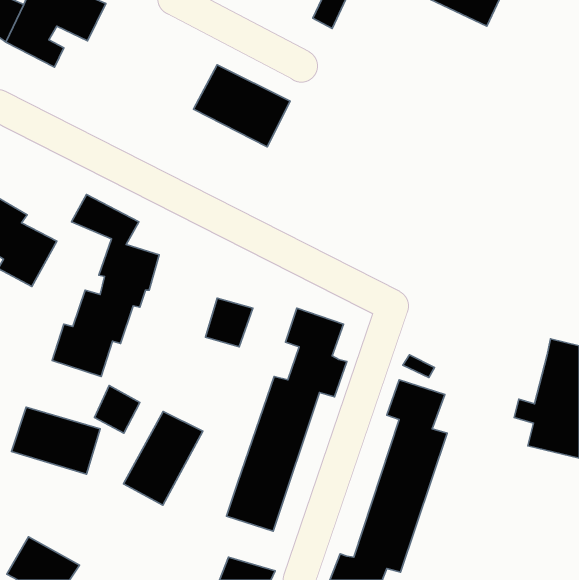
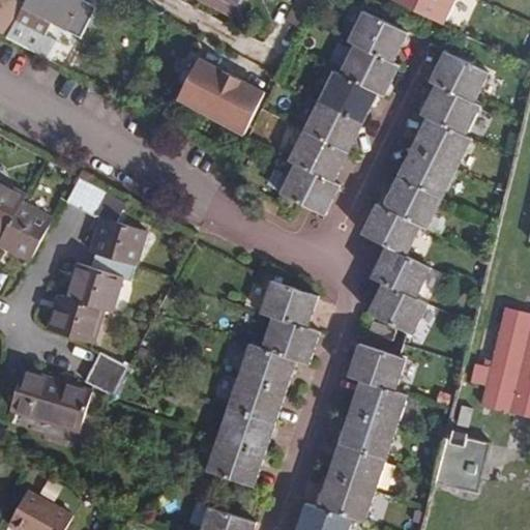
building: none -> [281,11,403,212]
building: none -> [365,55,489,334]
building: [205,298,253,347] -> none
building: [123,411,203,505] -> none
building: none -> [438,440,487,496]

